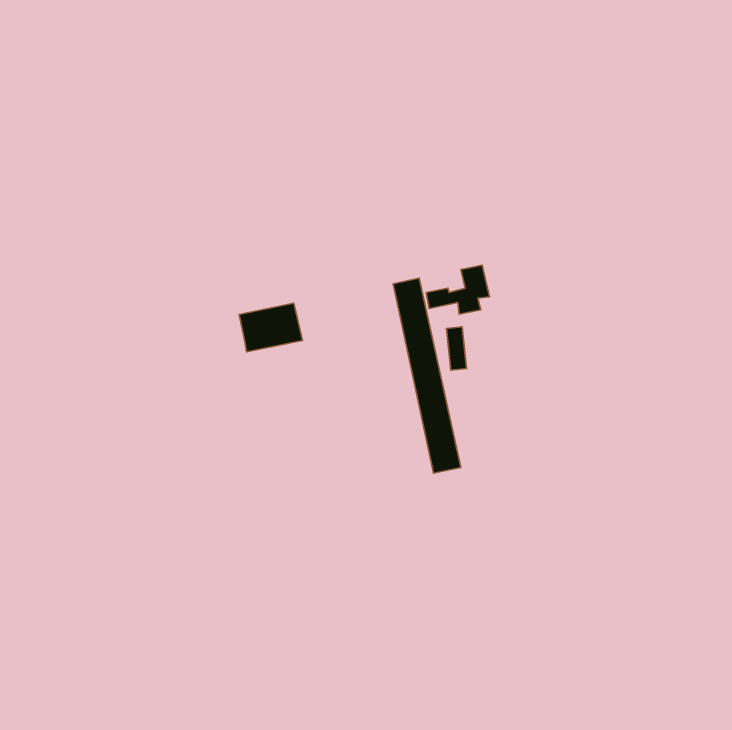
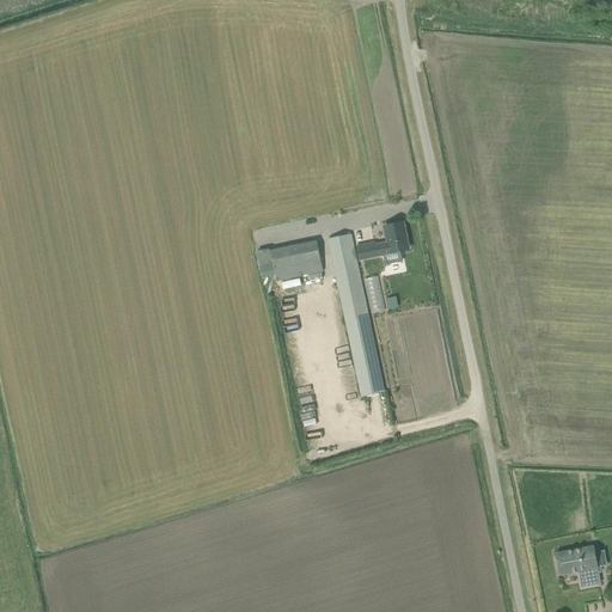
building: [239,303,302,352] -> [269,239,322,280]
building: none -> [555,544,600,585]

